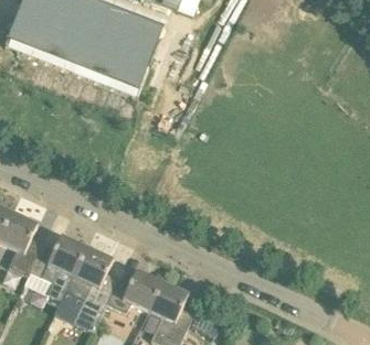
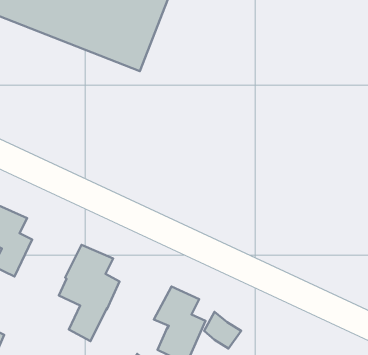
building: [24,235,85,294] -> none
building: [107,270,163,312] -> none

